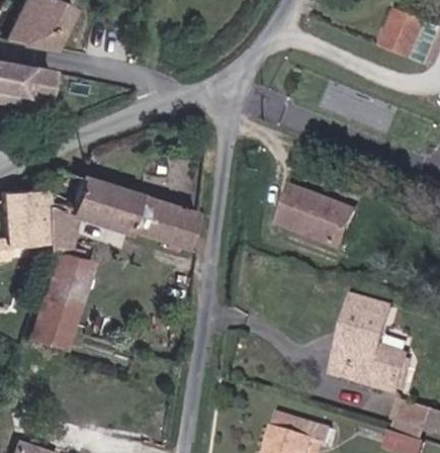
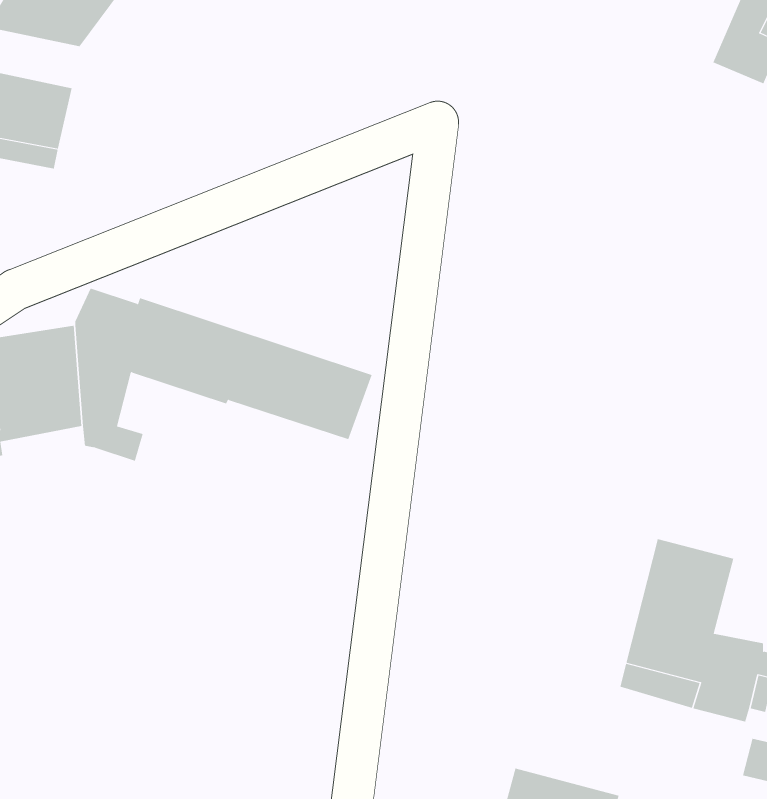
building: [273,186,351,248] -> none
building: [33,250,90,347] -> none

